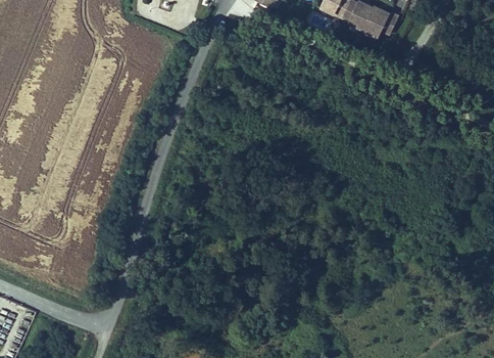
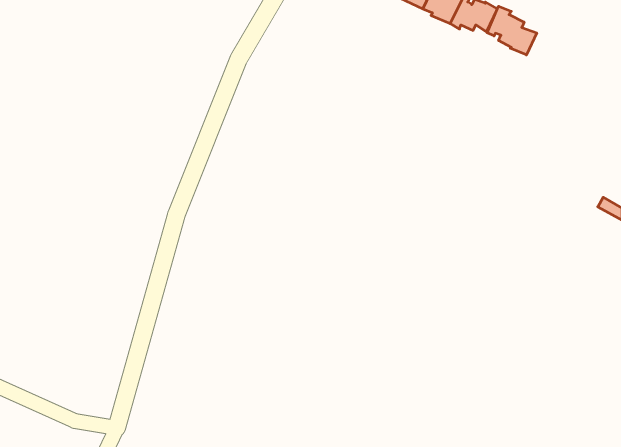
building: none -> [487,6,537,55]

